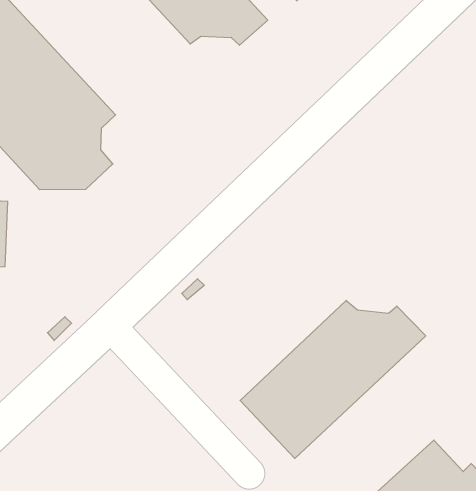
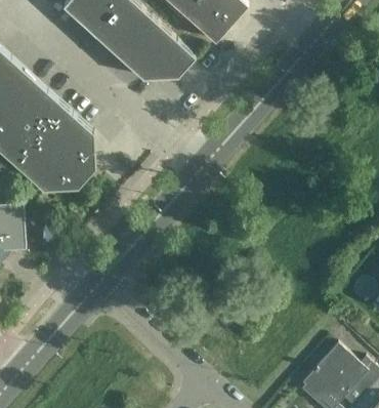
building: [240,300,426,458] -> none

